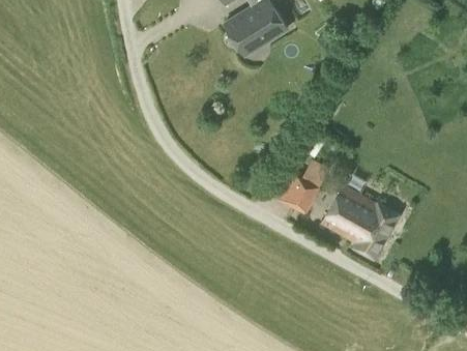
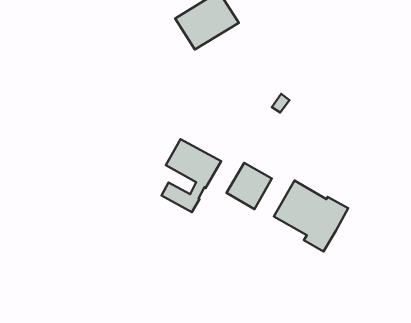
building: none -> [161,139,221,212]

